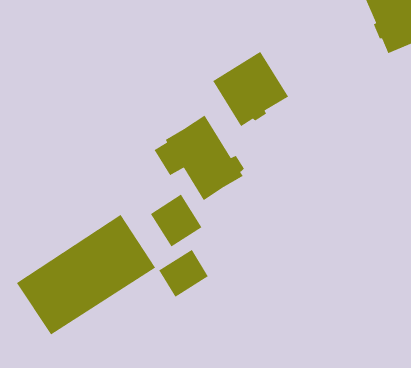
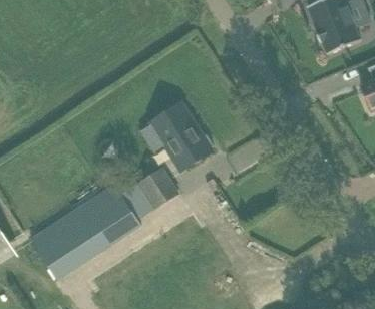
building: [212,51,289,127] -> none
building: [158,249,209,298] -> none

